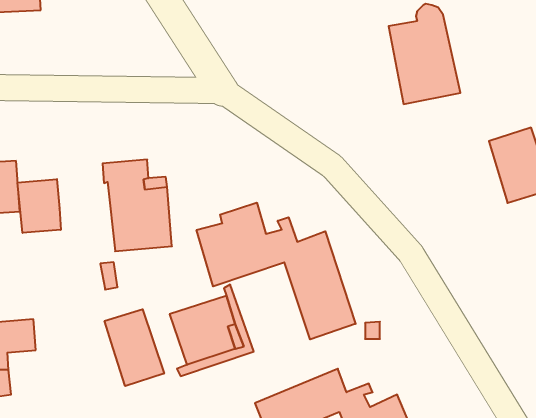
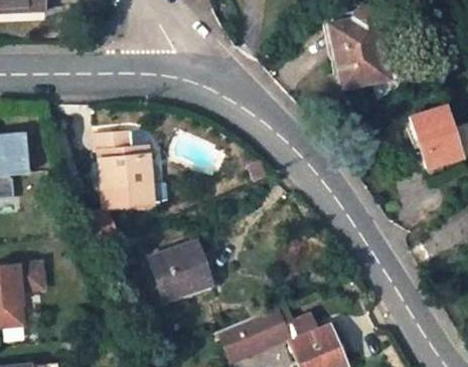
building: [18,179,61,233] -> none
building: [197,203,356,339] -> none
building: [105,309,164,386] -> none

